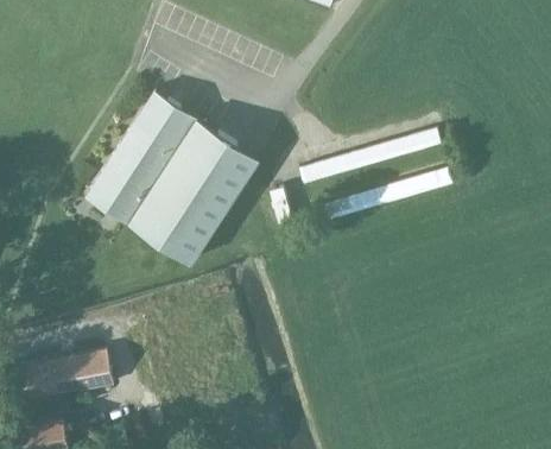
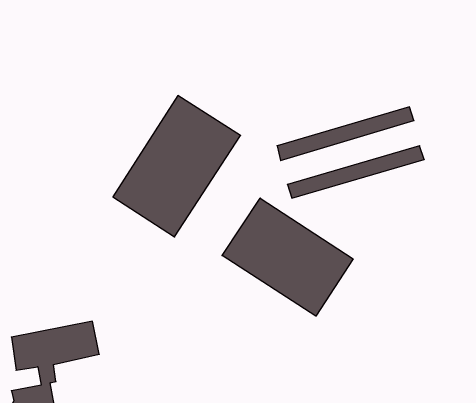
building: [84,90,192,222] -> none
building: none -> [222,198,353,316]

